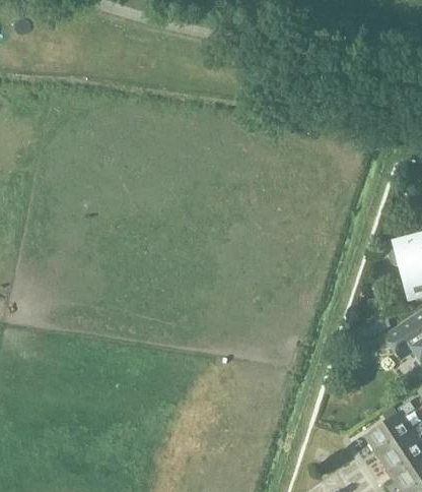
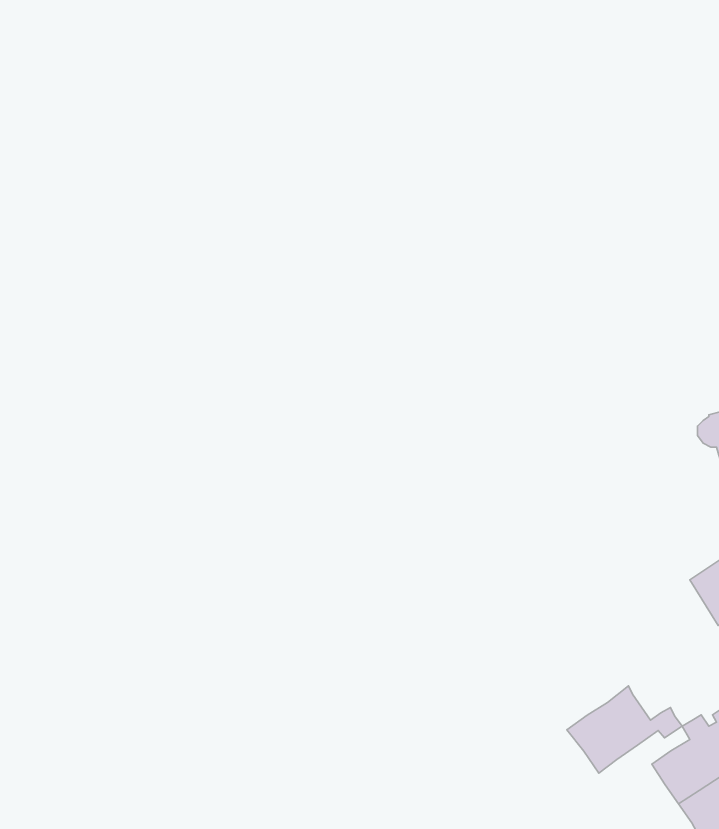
building: none -> [567,686,682,773]

